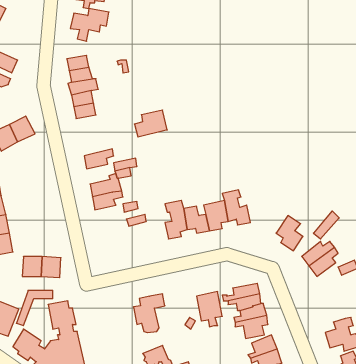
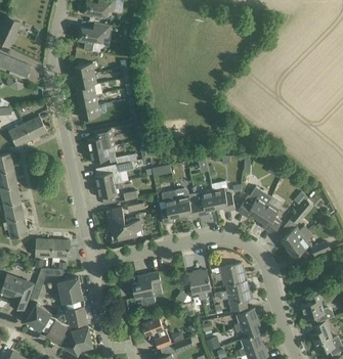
building: [134,110,167,137] -> [87,128,116,151]
building: none -> [238,187,271,219]
building: none -> [106,208,143,241]

